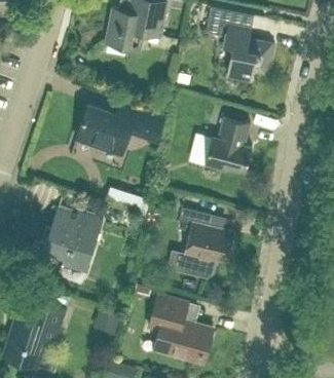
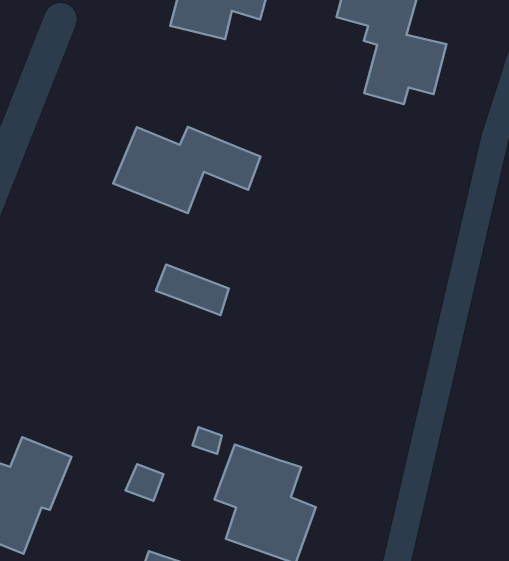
building: [203,115,252,173] -> none
building: [178,207,232,277] -> none
building: [43,213,105,272] -> none

